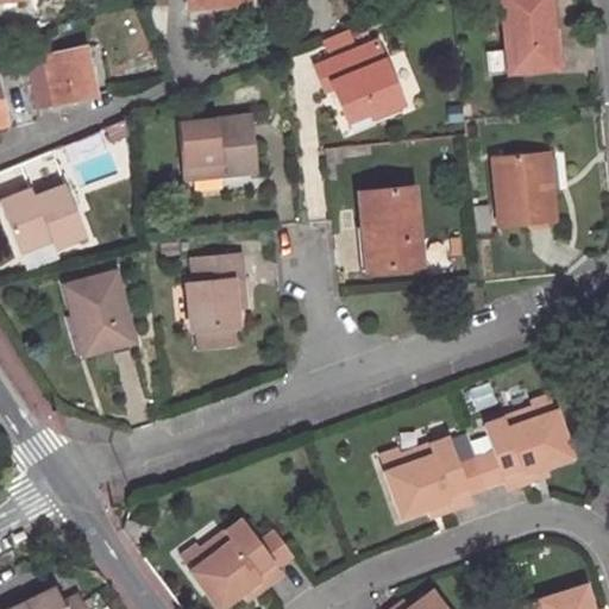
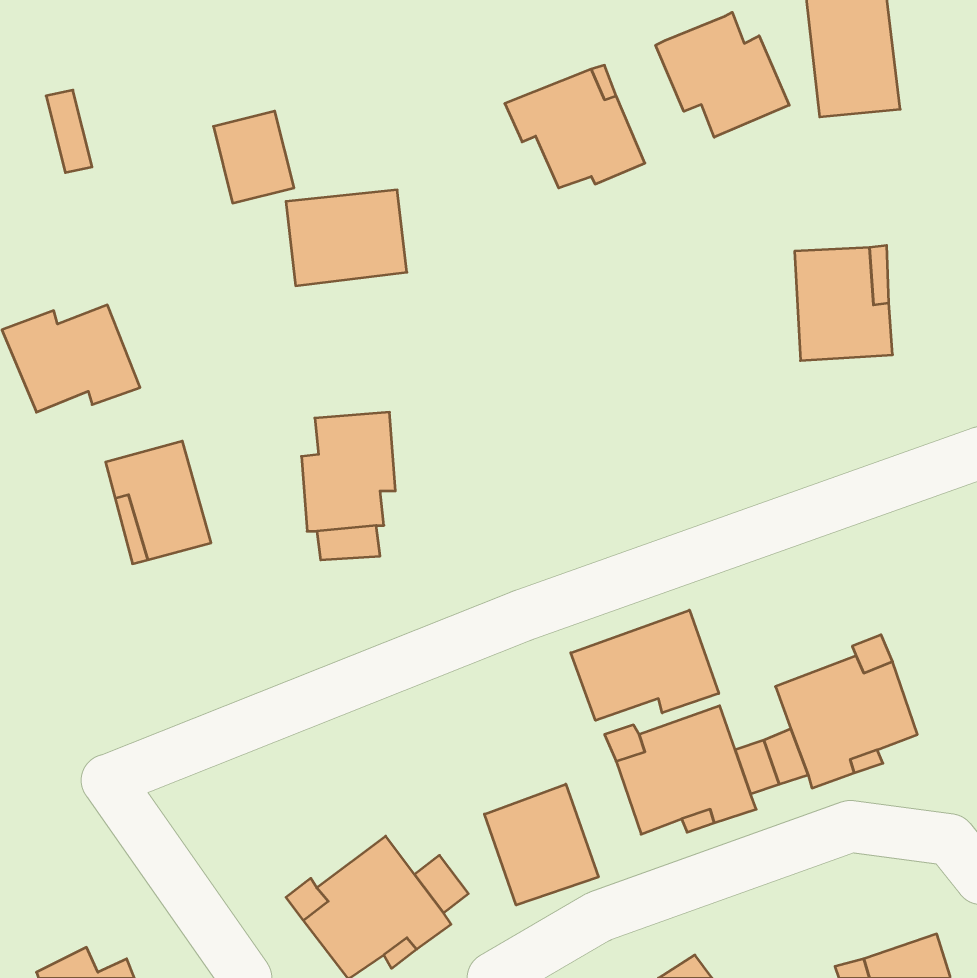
building: none -> [656,12,789,137]
building: [48,46,98,103] -> [213,111,294,203]
building: [362,189,425,274] -> none
building: none -> [571,610,719,720]
building: none -> [484,784,598,905]

